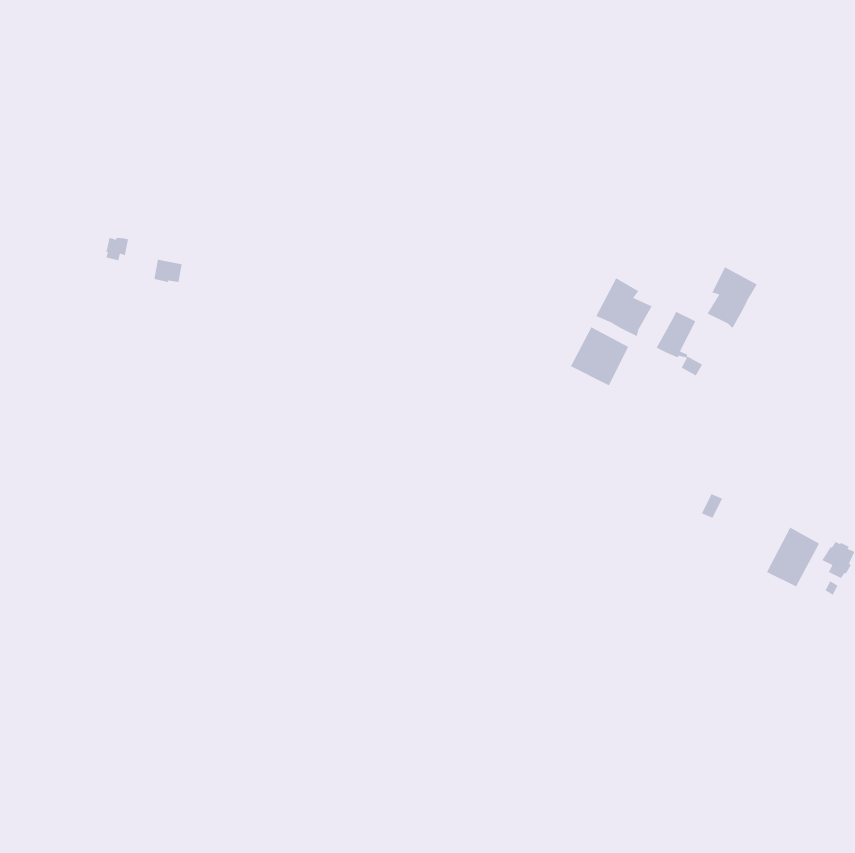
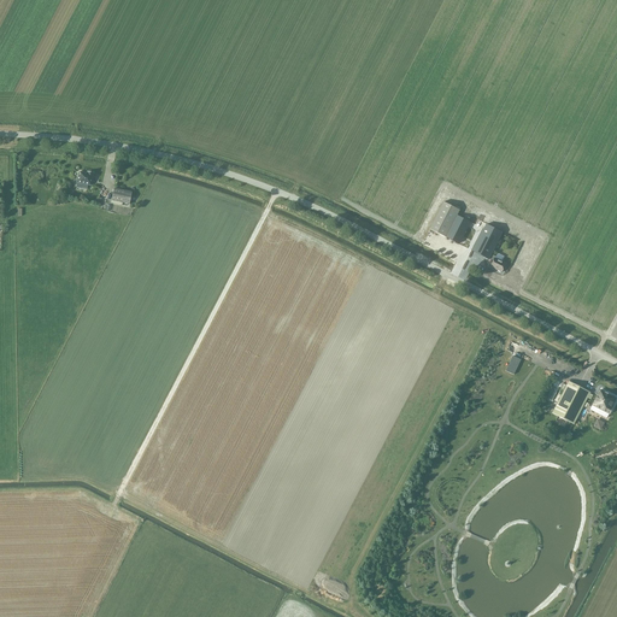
building: [707,266,758,328] -> none
building: [570,326,629,386] -> none

